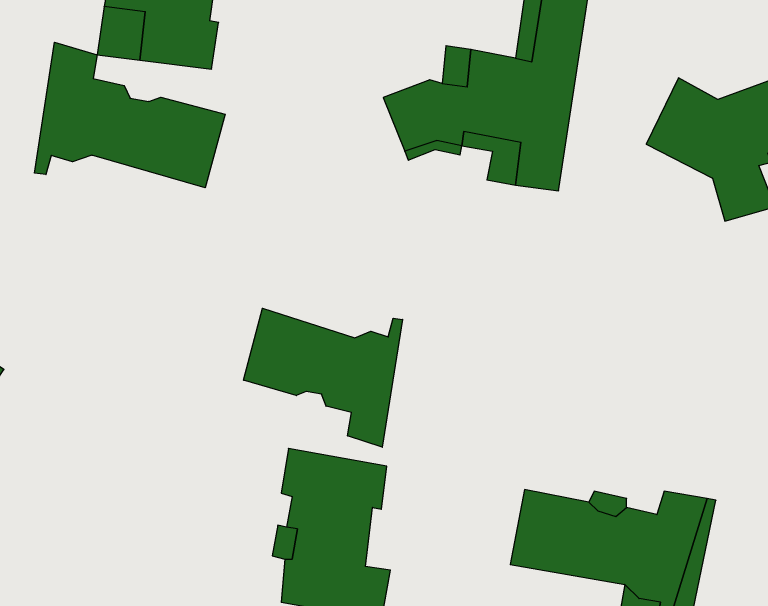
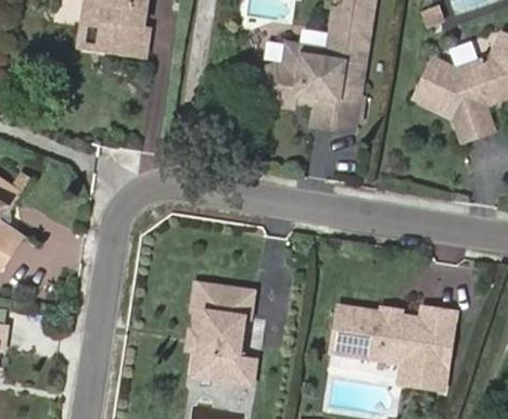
building: [35,42,225,188] -> none
building: [244,308,403,447] -> none

